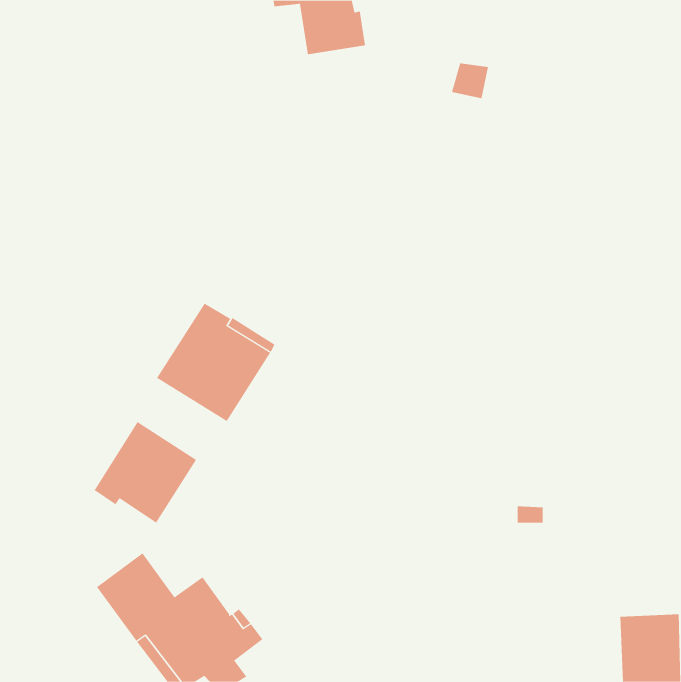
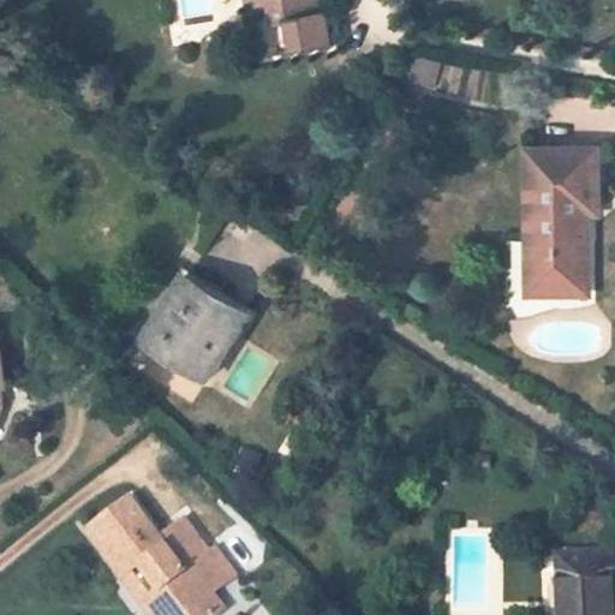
building: none -> [527,150,596,292]
building: [94,421,197,524] -> none

